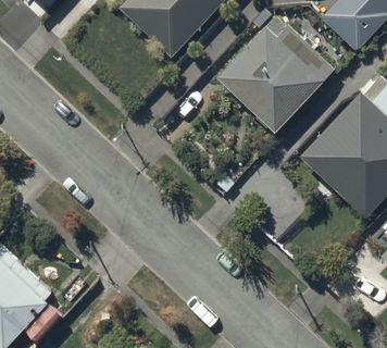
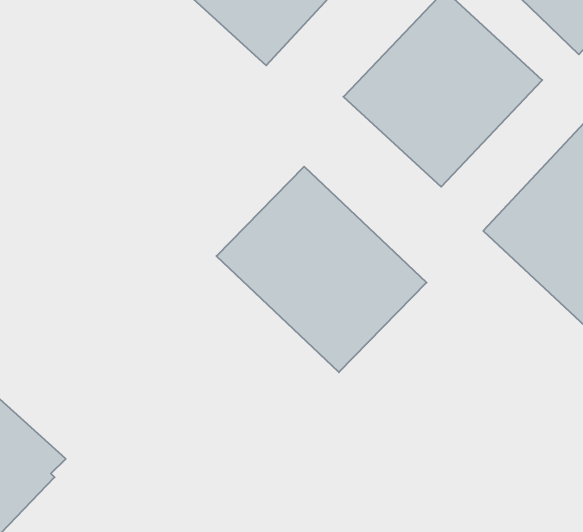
building: none -> [216,167,427,372]

